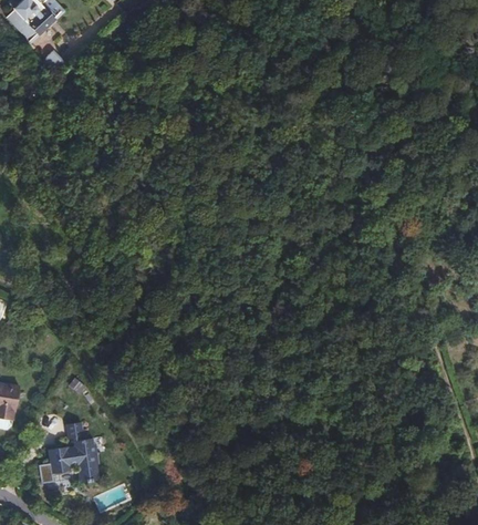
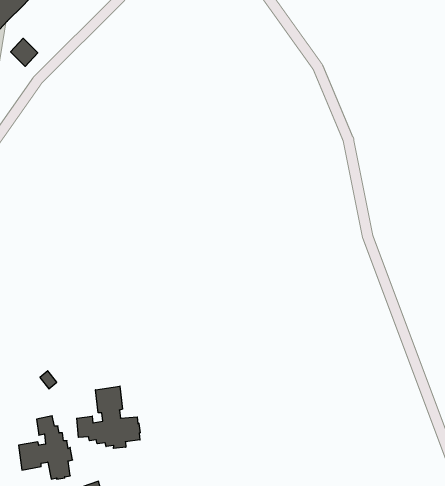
building: none -> [77,386,140,448]

